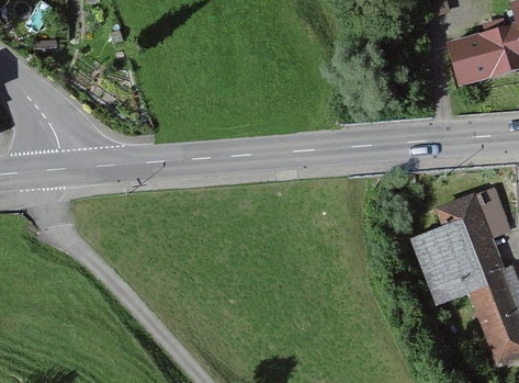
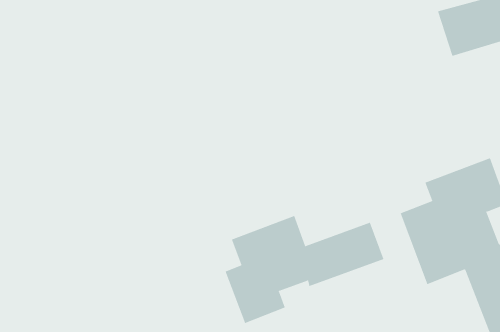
building: none -> [225,215,384,324]

